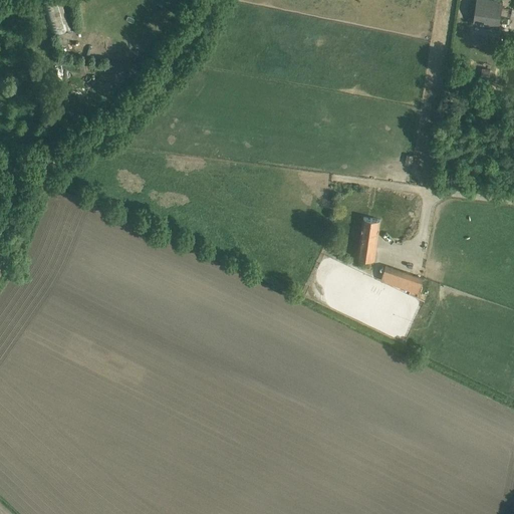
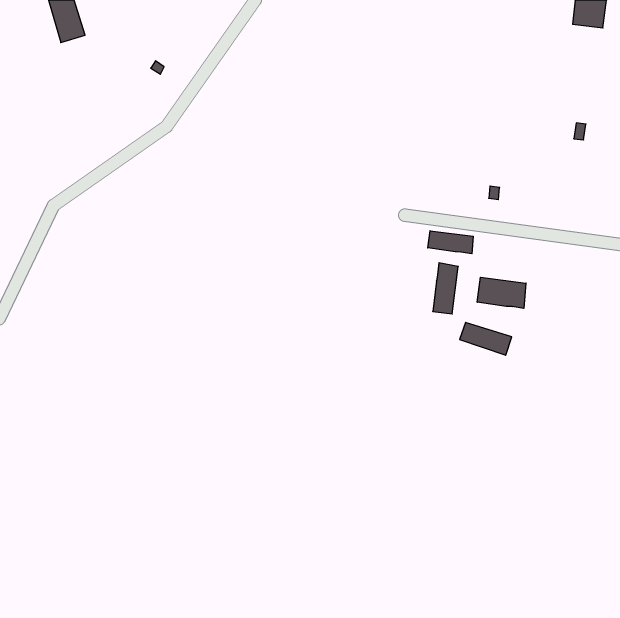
building: none -> [428,231,473,254]
building: none -> [477,277,526,308]

